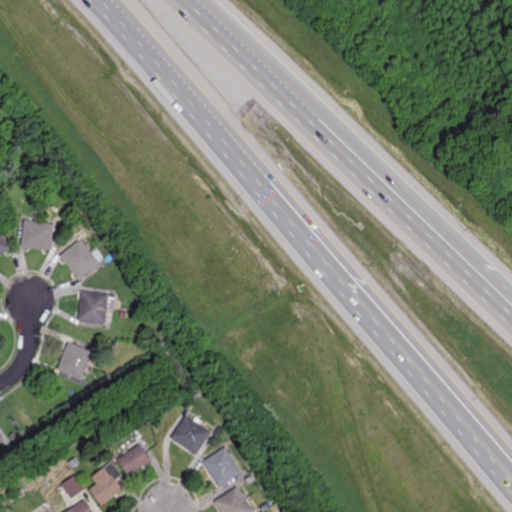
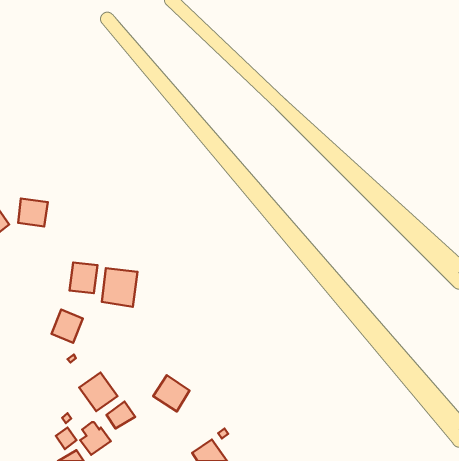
building: [59,239,102,279] -> none
building: none -> [102,268,137,307]
building: none -> [79,372,117,411]
building: [201,447,240,487] -> none

